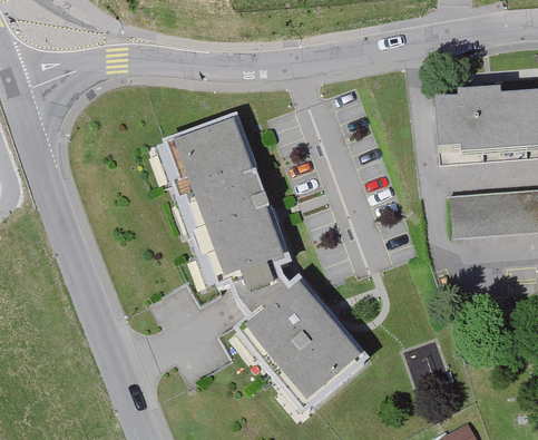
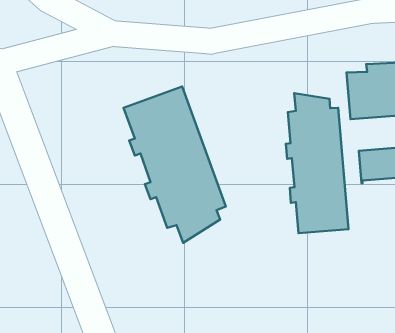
building: none -> [286,93,349,233]
building: [238,276,368,407] -> none

